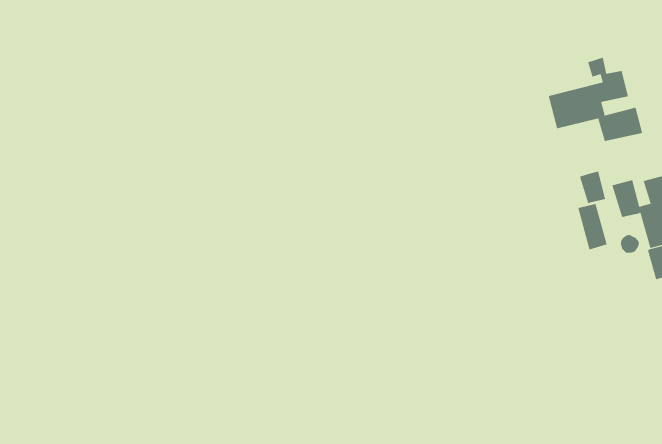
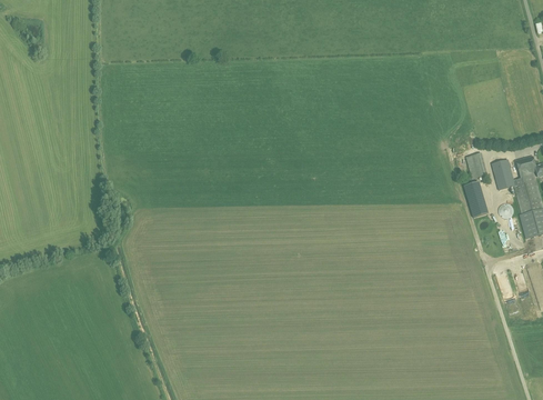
building: [548,57,643,142] -> none

